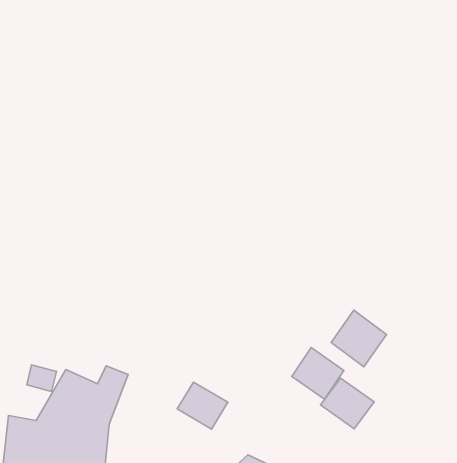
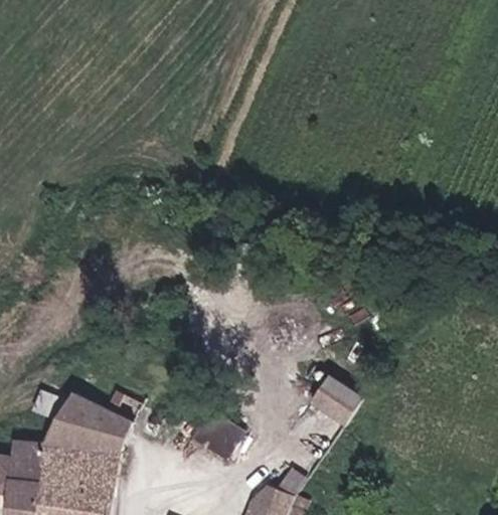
building: [331,310,387,367] -> none
building: [320,378,374,429] -> none

